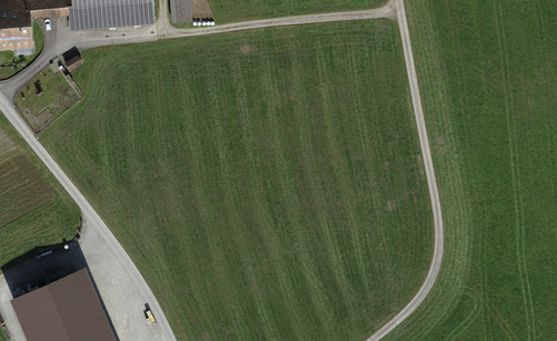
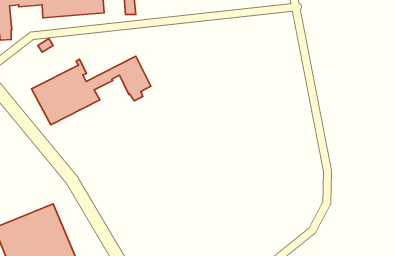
building: none -> [32,56,151,125]

